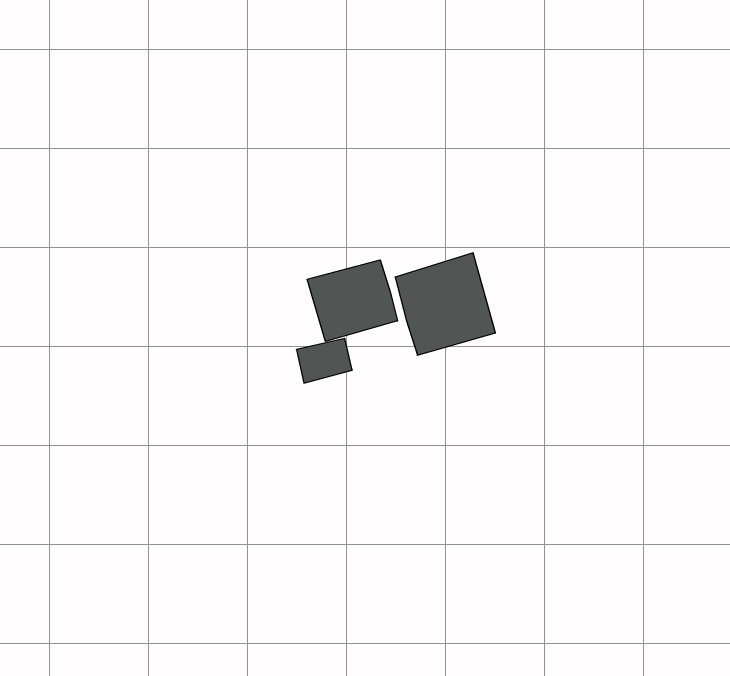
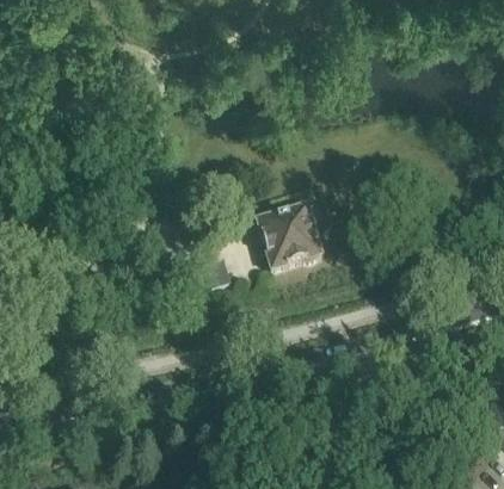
building: [307,260,398,341] -> none

